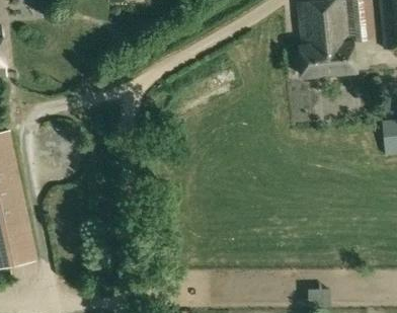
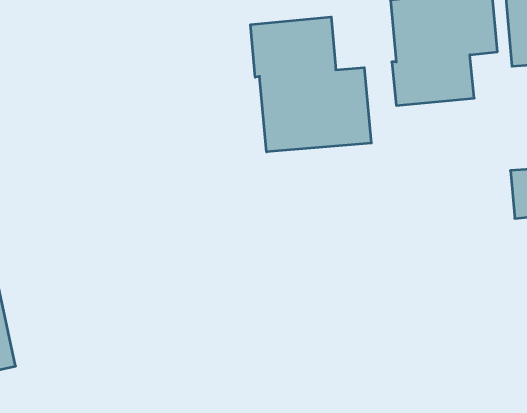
building: none -> [251,17,371,152]

